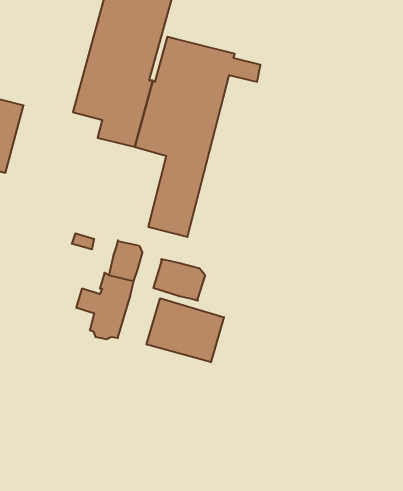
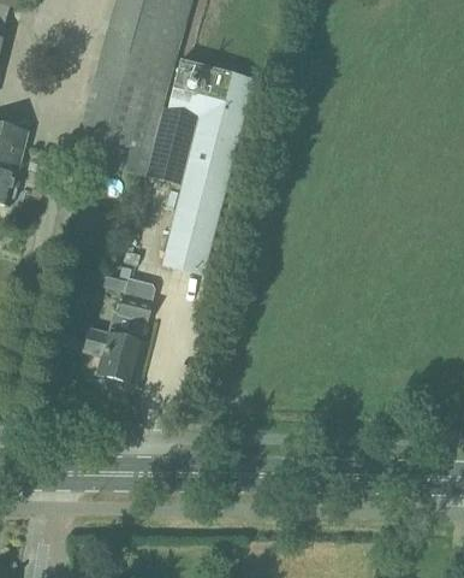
building: [153,259,205,301] -> none
building: [147,298,224,362] -> none

